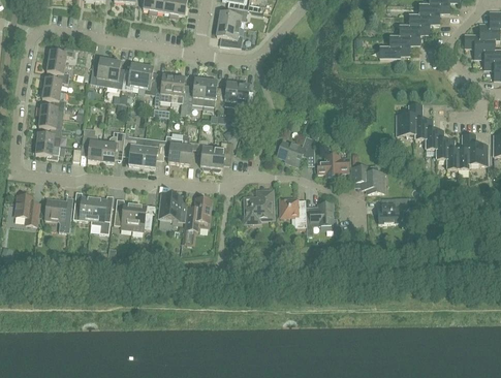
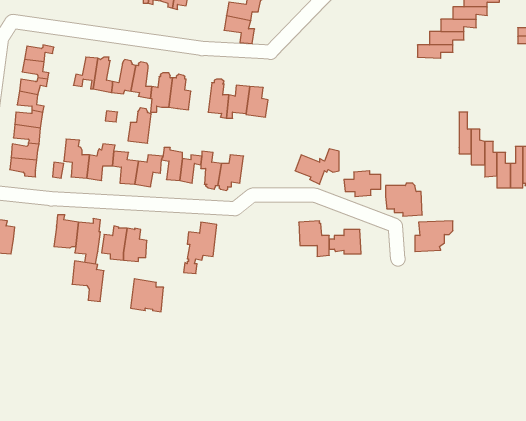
building: [186,74,206,104] -> [128,108,151,143]
building: [396,104,414,136] -> none
building: [242,187,273,223] -> none
building: [158,193,186,221] -> [131,279,164,312]
building: [44,197,71,231] -> [72,261,104,301]

